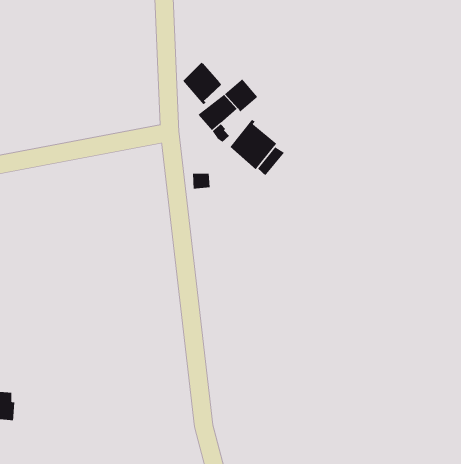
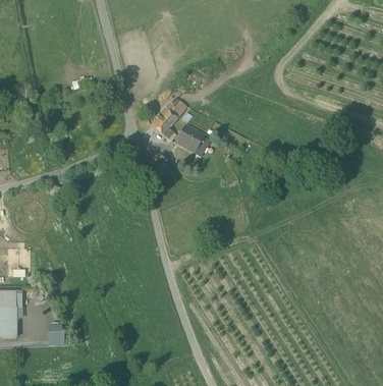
building: [182,62,222,105] -> none

